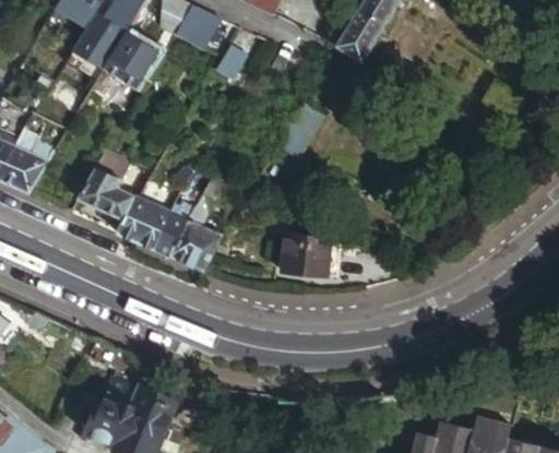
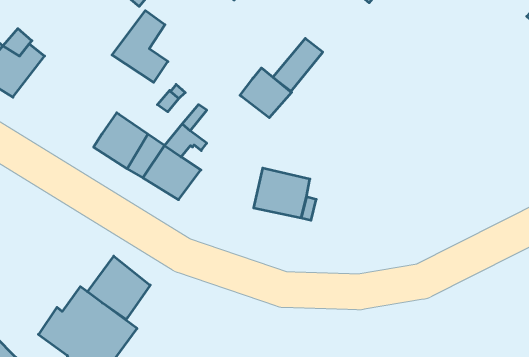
building: none -> [240,68,292,118]
building: [75,152,130,219] -> [112,11,168,82]
building: none -> [87,256,150,320]

